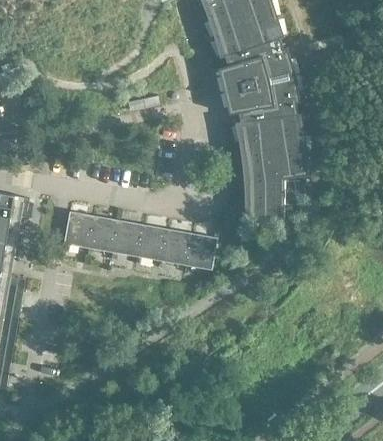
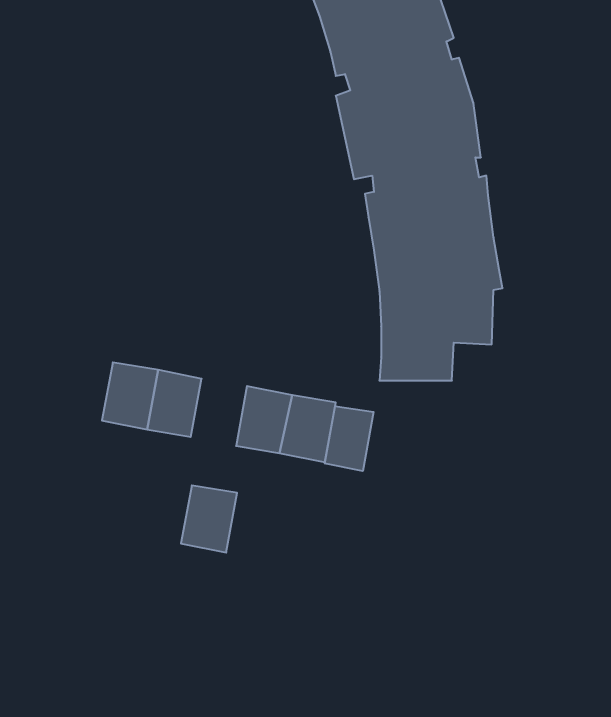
building: [64,211,95,247] -> none
building: [138,224,169,261] -> [181,485,237,553]
building: none -> [325,406,374,471]

